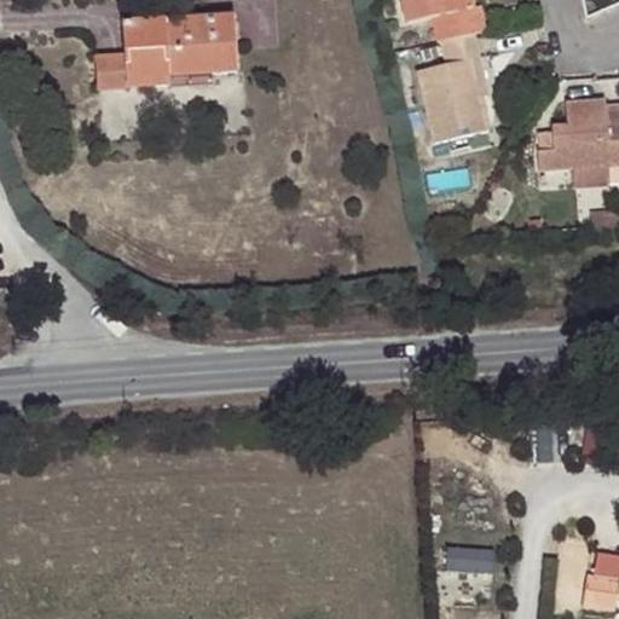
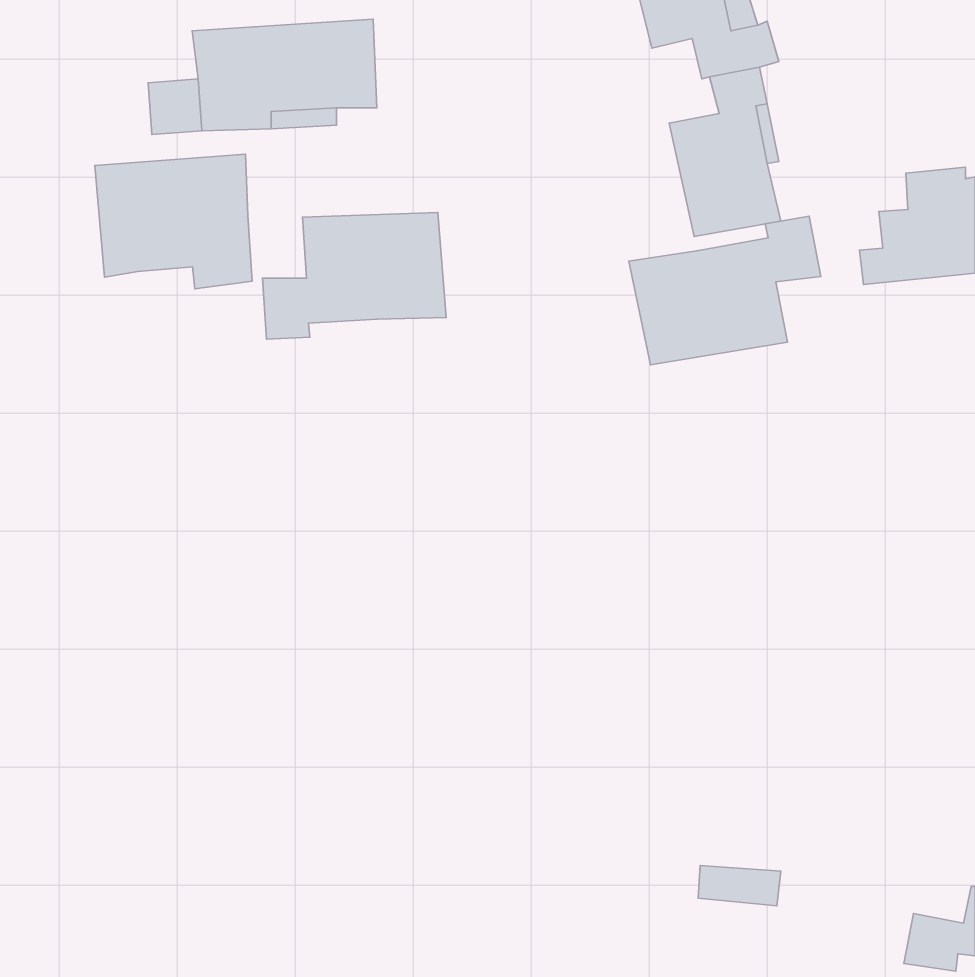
building: none -> [95,154,252,289]
building: none -> [263,212,446,339]
building: none -> [629,216,821,365]

